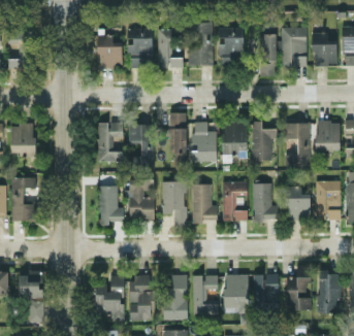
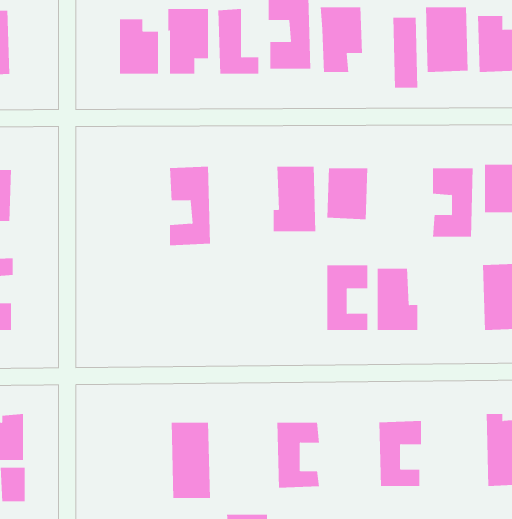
building: [170,112,187,167] -> none
building: [252,122,277,161] -> none
building: [97,123,123,162] -> none
building: [127,179,154,221] -> none
building: [161,181,186,227] -> none
building: [191,184,217,222] -> none
building: [99,186,123,225] -> none
building: [286,187,310,220] -> none
building: [286,267,311,311] -> none
building: [162,275,187,320] -> none
building: [224,275,248,313] -> none
building: [95,276,123,322] -> none

